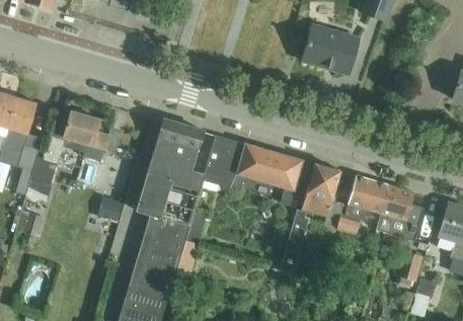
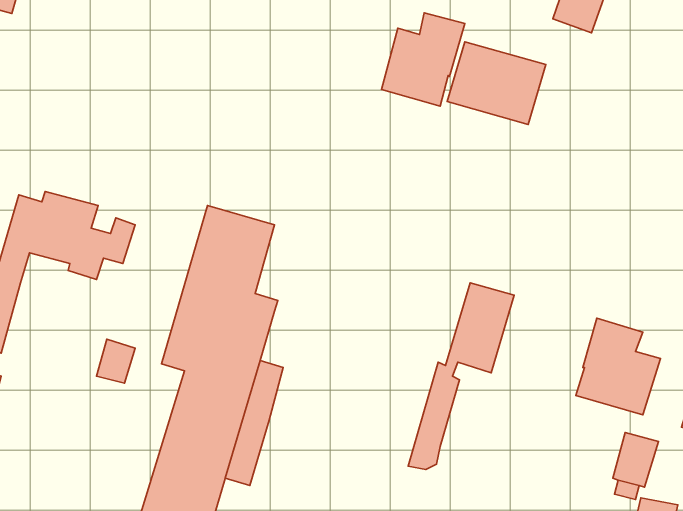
building: none -> [382,13,465,106]
building: [202,135,303,206] -> none
building: [334,175,387,235] -> none

